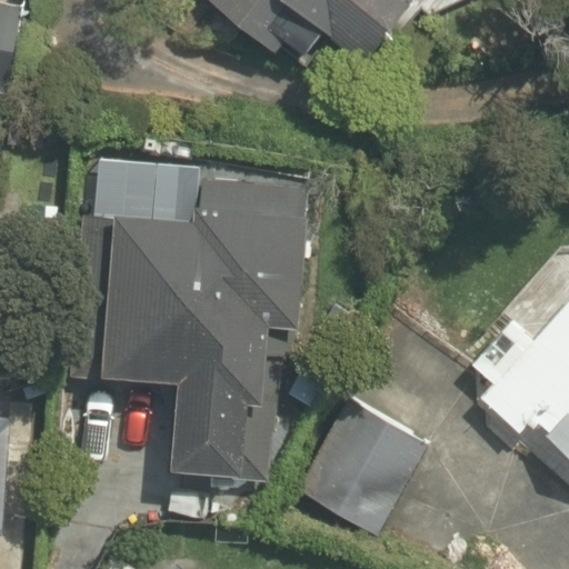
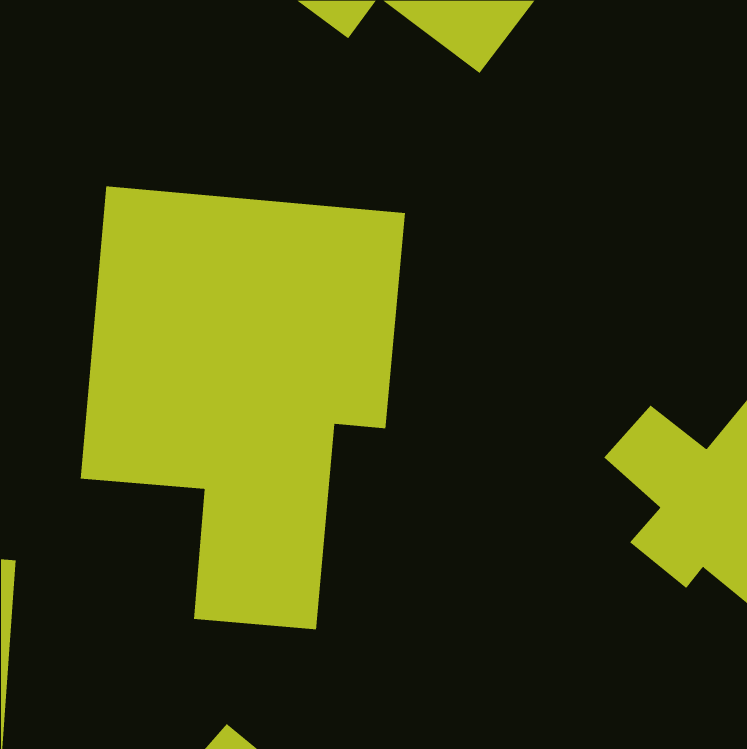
building: [318,409,442,549] -> none

